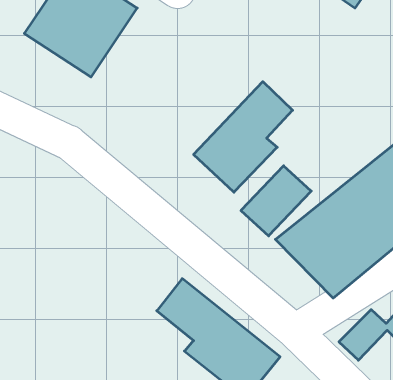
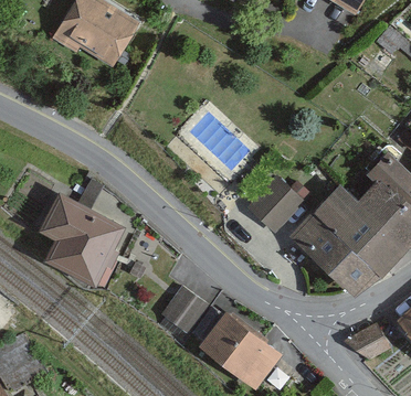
building: [194,82,293,192] -> none
building: none -> [24,178,141,288]

